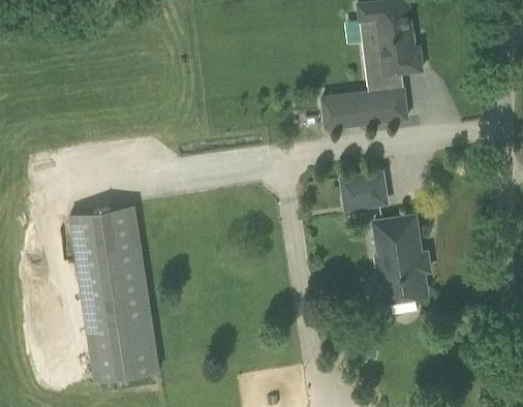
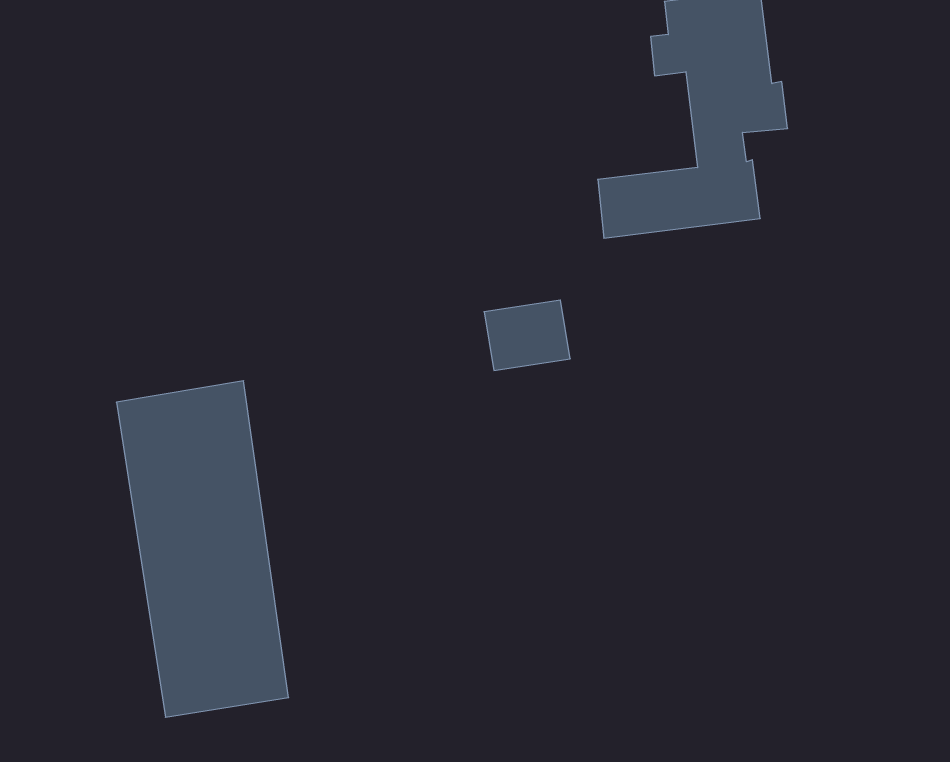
building: [341,173,387,210] -> [484,300,570,370]
building: [374,216,430,315] -> none

